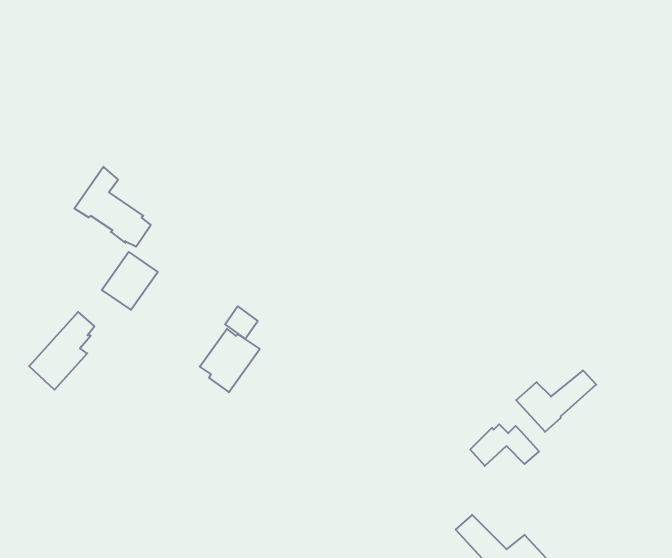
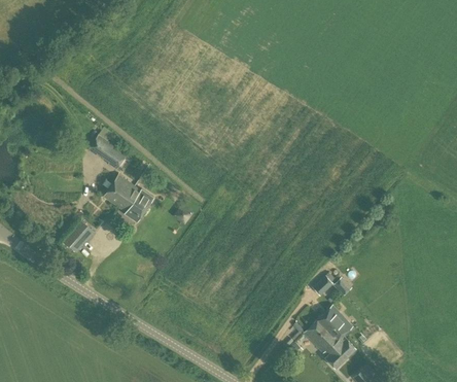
building: [200,329,260,392] -> [118,186,152,222]
building: [516,370,596,432] -> none
building: none -> [312,306,351,344]

